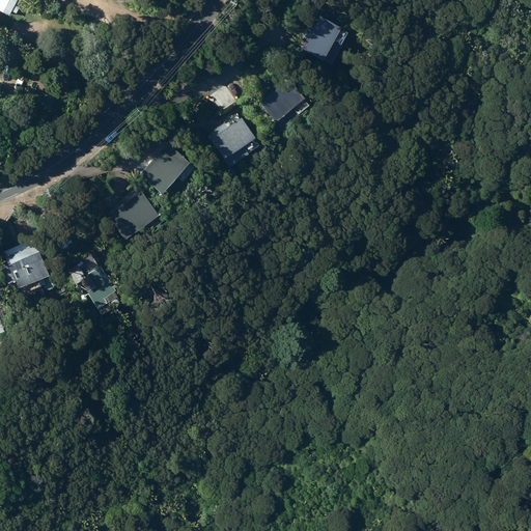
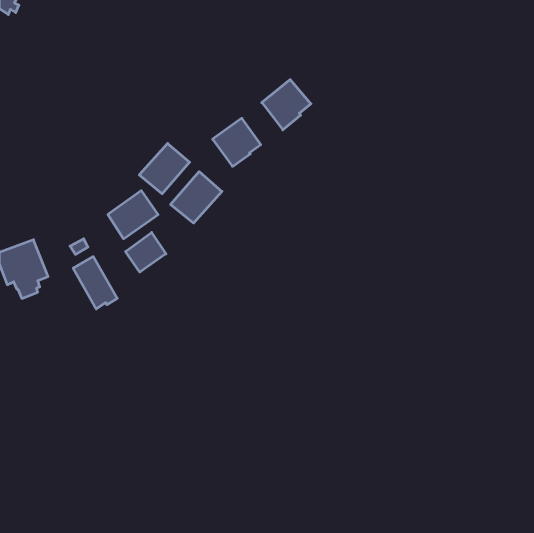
building: [301,16,347,63] -> none
building: none -> [171,172,222,223]
building: none -> [126,232,166,272]

